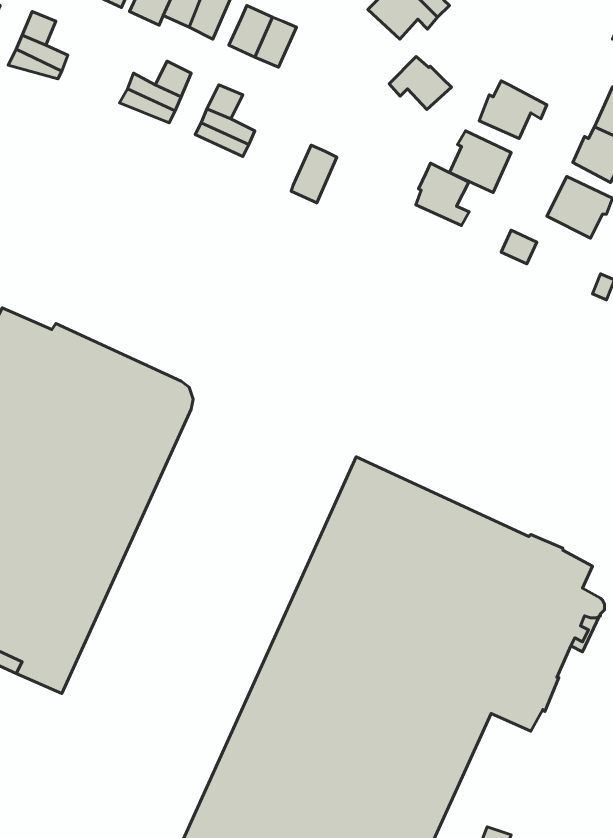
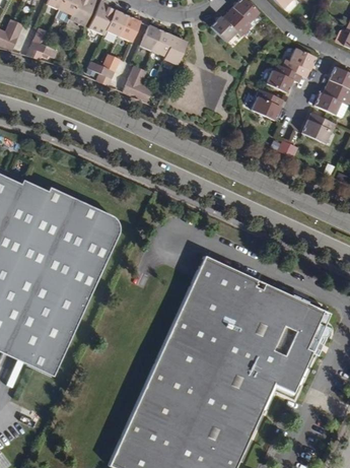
building: none -> [283,48,317,76]
building: [389,57,451,110] -> none
building: [291,145,337,203] -> [164,36,188,65]
building: [416,163,469,226] -> none

